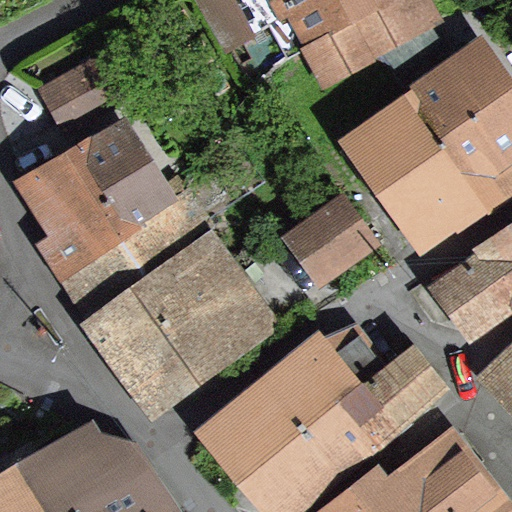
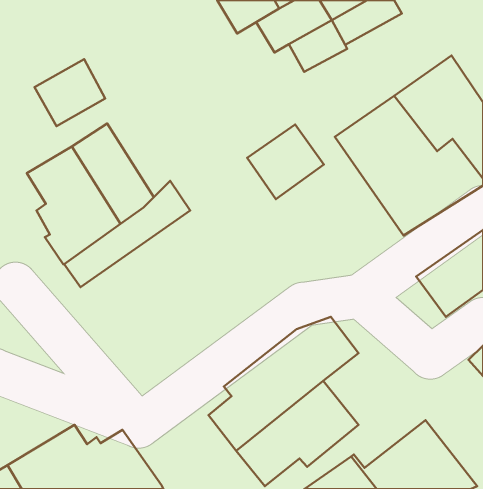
building: [288,200,368,278] -> [247,124,324,199]
building: [89,239,255,395] -> none
building: [338,345,441,444] -> none

